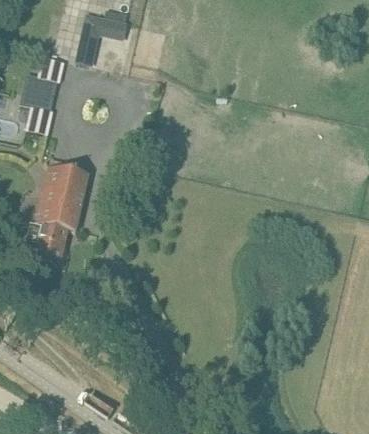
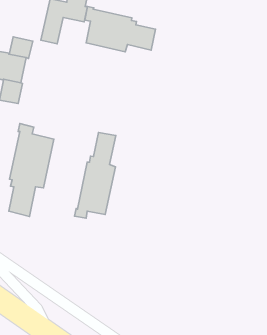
building: none -> [85,6,155,52]
building: none -> [74,133,116,218]

